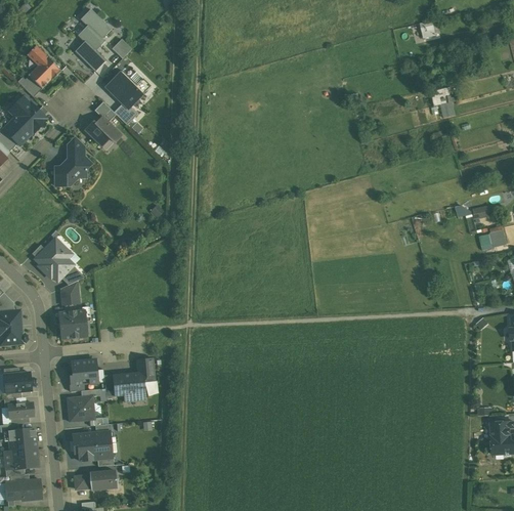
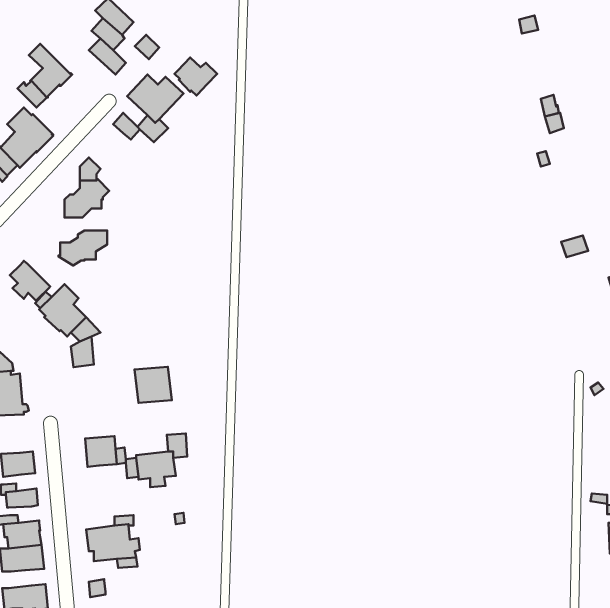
building: none -> [175,57,217,96]
building: [85,118,121,145] -> none
building: none -> [59,230,107,266]
building: none -> [10,261,50,301]
building: [58,310,88,339] -> [135,367,172,403]
building: [67,396,94,422] -> none
building: [90,471,117,489] -> none

